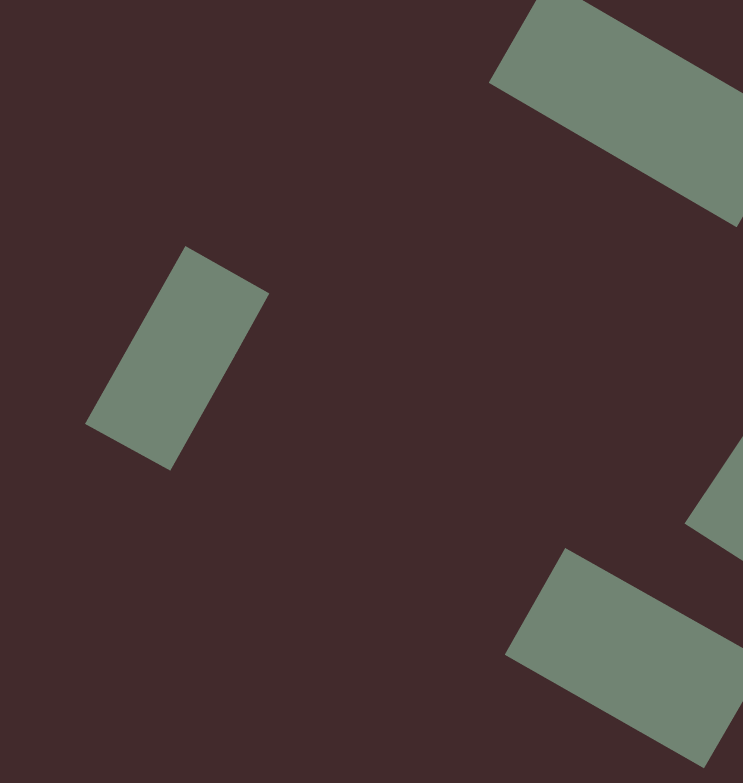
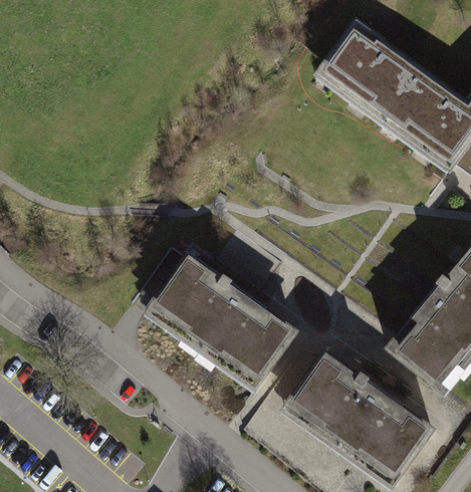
building: [84,245,270,472] -> none
building: none -> [150,250,295,382]

